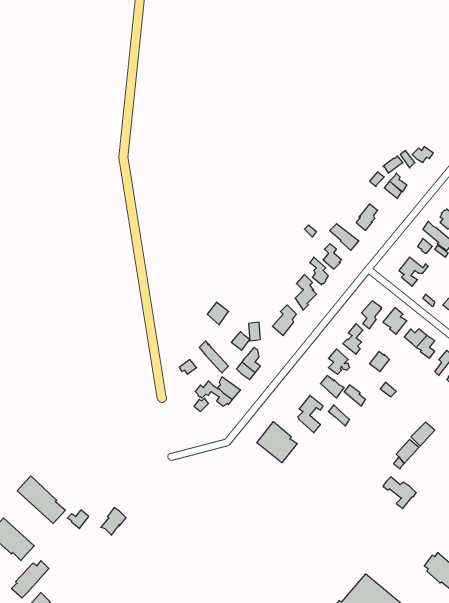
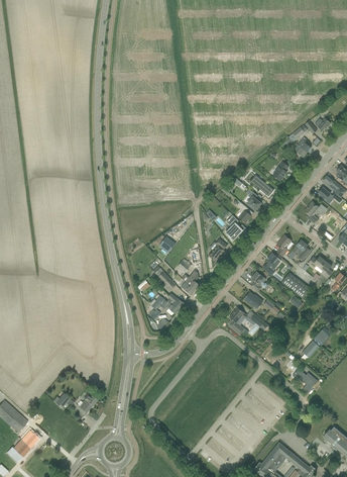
building: [257,422,297,463] -> none
building: [17,476,65,524] -> none

